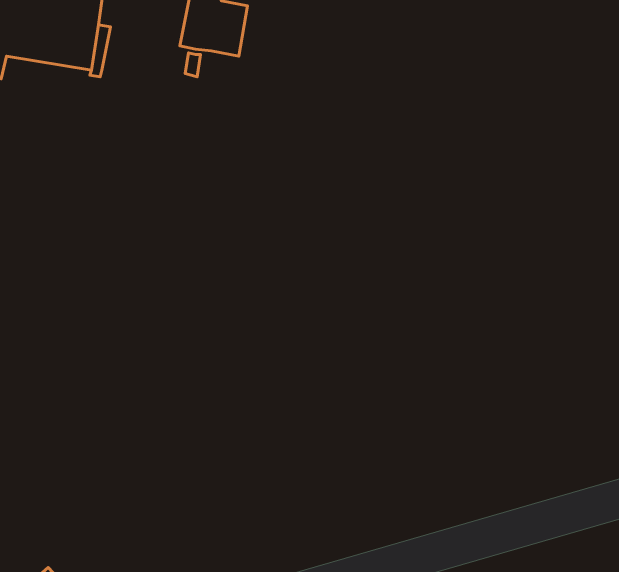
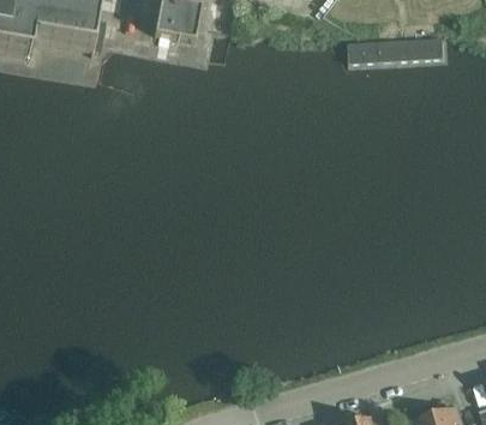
building: none -> [346,36,448,67]

